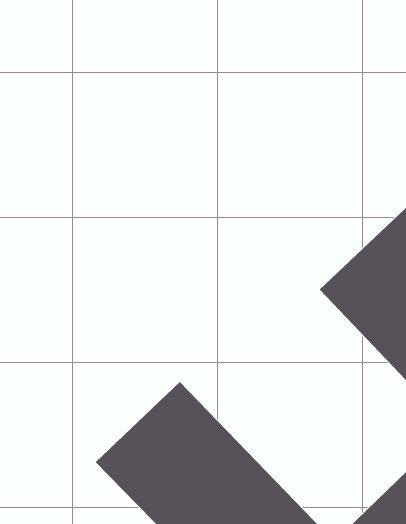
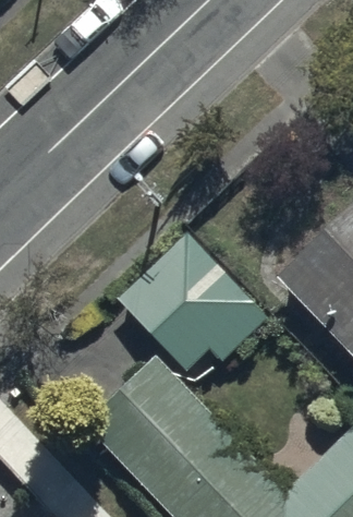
building: none -> [119,231,267,369]

